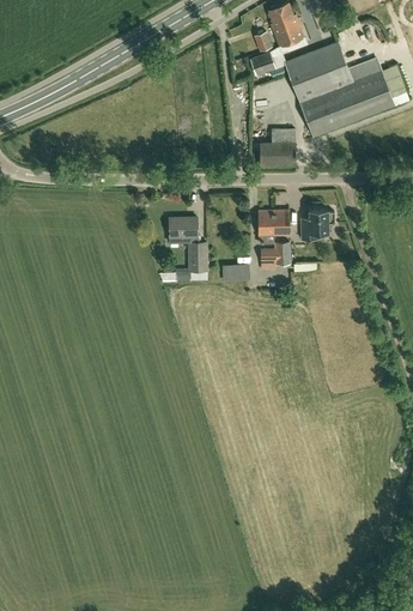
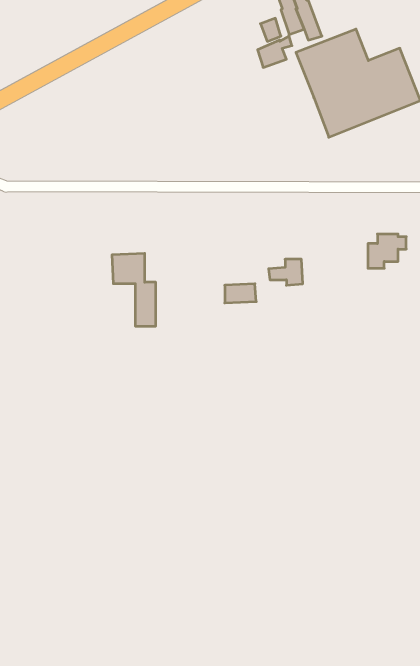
building: [260,129,294,163] -> none
building: [257,210,289,243] -> none
building: [300,210,334,240] -> [368,234,406,268]
building: [168,217,206,280] -> [112,253,156,326]

